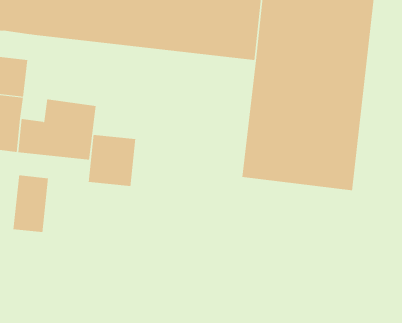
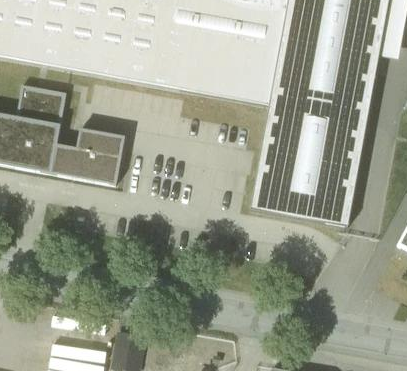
building: [88,134,136,187] -> none
building: [13,175,48,233] -> none

